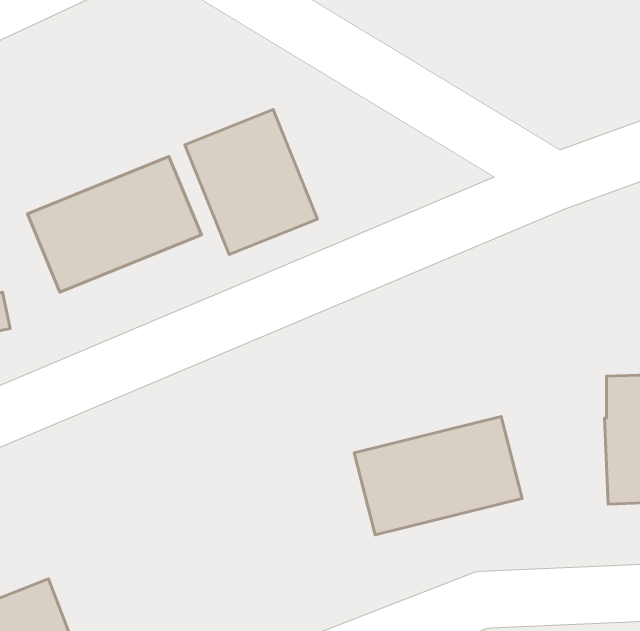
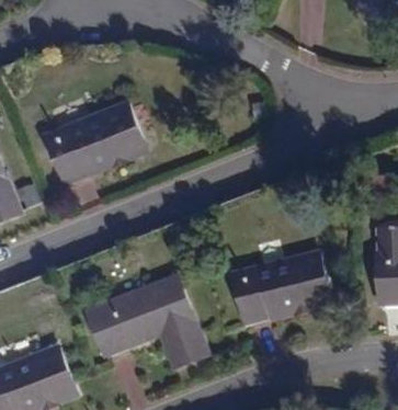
building: [185,110,318,255] -> none
building: none -> [87,275,208,368]

